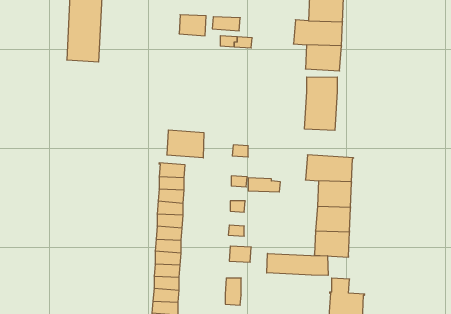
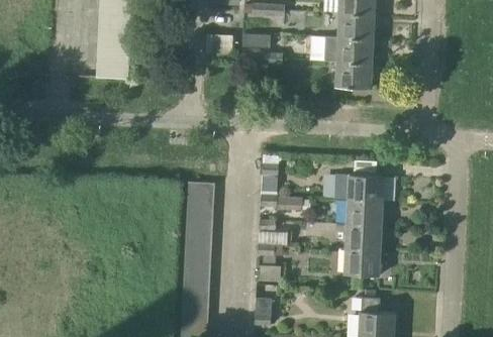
building: [305,77,337,130] -> none
building: [167,130,204,158] -> none
building: [267,253,328,275] -> none

